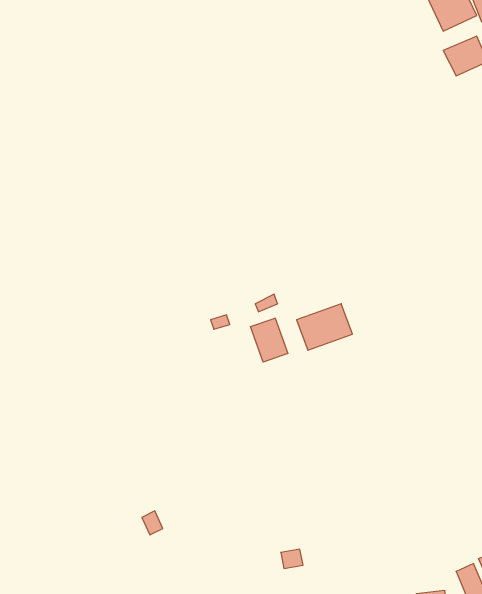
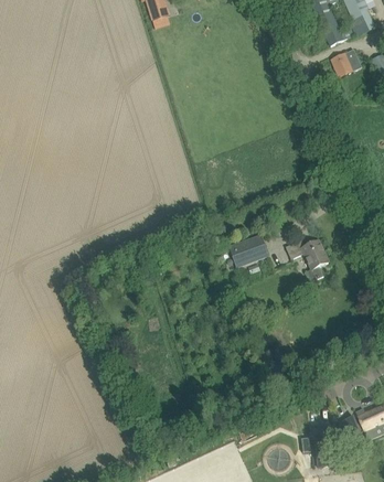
building: none -> [285,238,329,281]
building: [250,318,288,362] -> none

